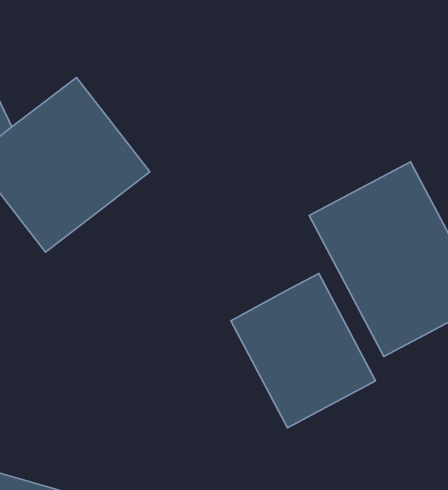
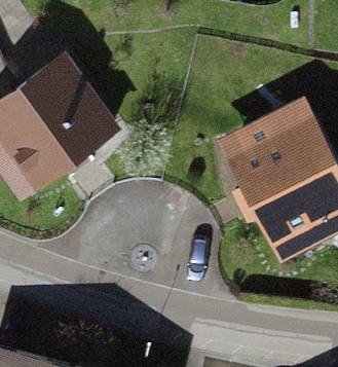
building: [231,274,376,428] -> none

